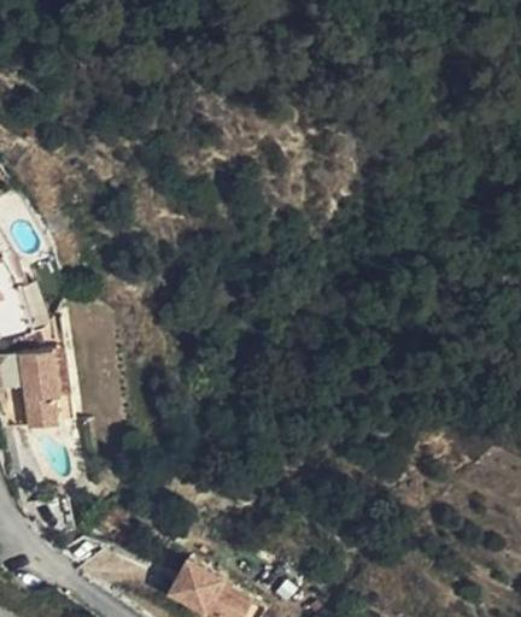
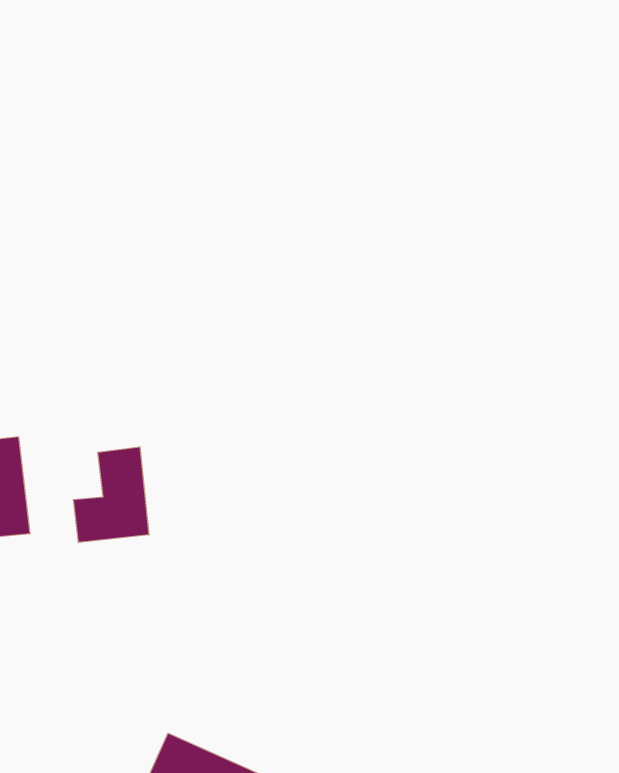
building: none -> [74,447,149,543]

